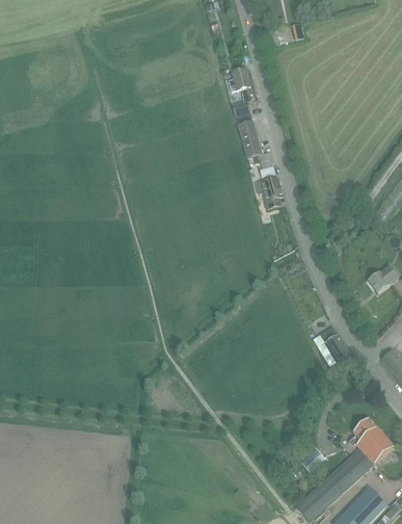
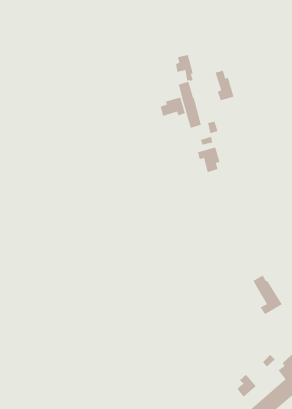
building: none -> [214,70,235,101]
building: none -> [160,96,186,117]

